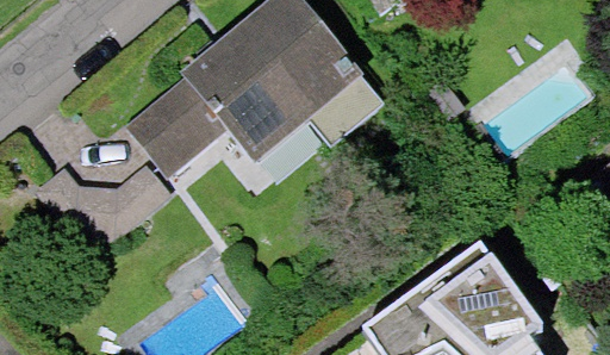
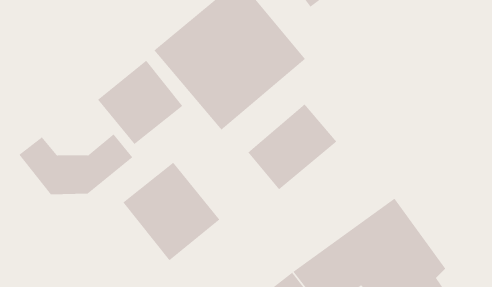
building: none -> [248,104,337,190]
building: none -> [122,162,220,261]

